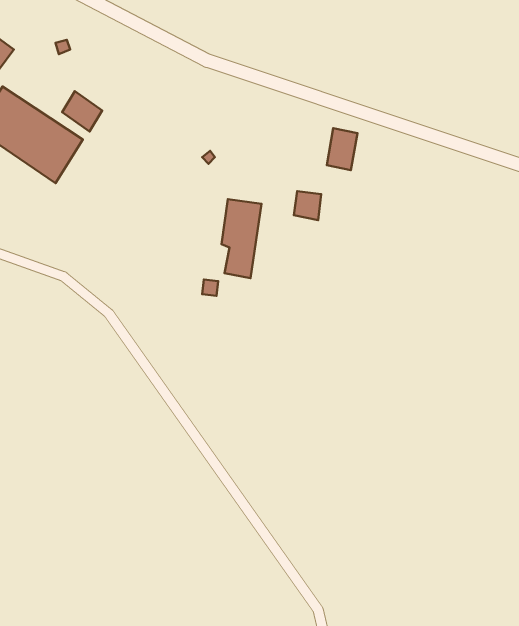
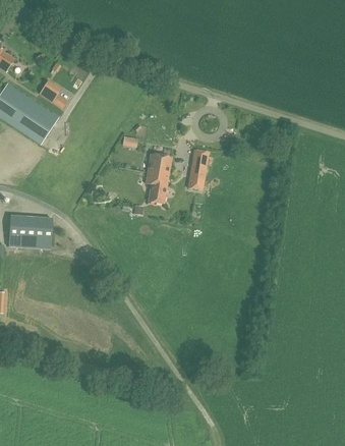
building: [327,128,357,170] -> [186,162,206,188]
building: none -> [12,225,56,247]

